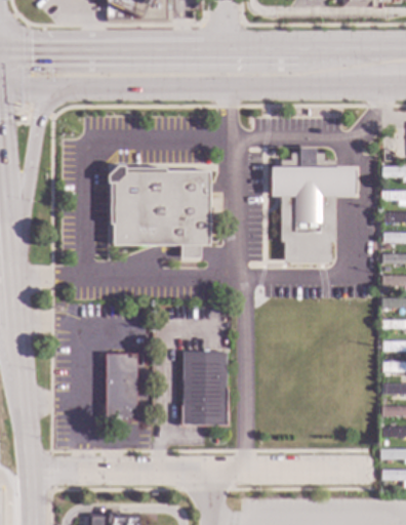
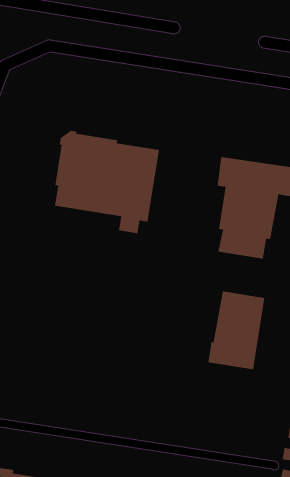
building: [181,352,229,426] -> [208,291,265,370]
building: [106,353,138,420] -> none

